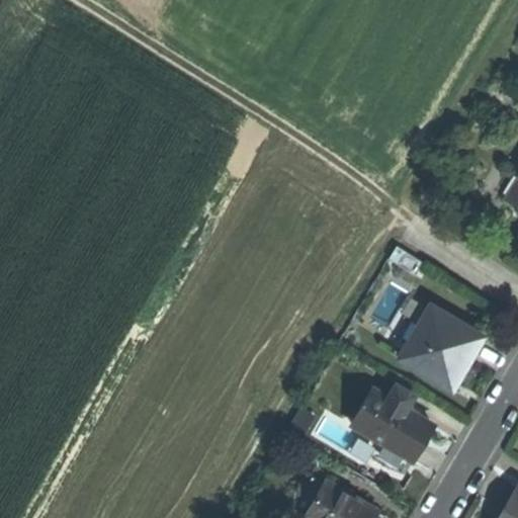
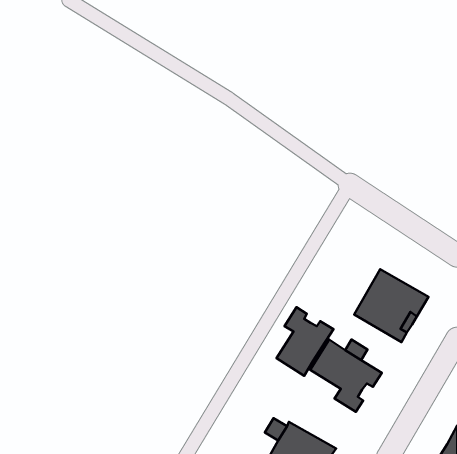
building: none -> [277,307,333,376]

